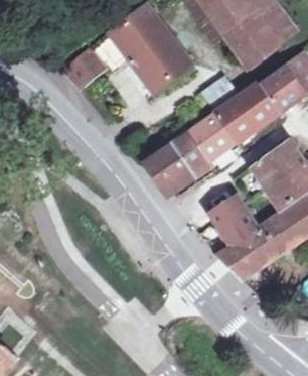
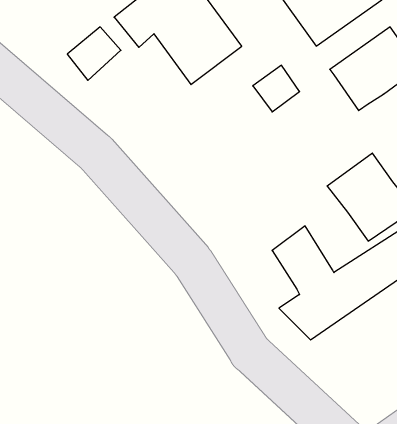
building: [144,86,277,191] -> none

